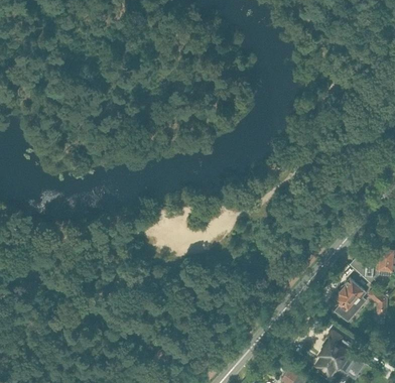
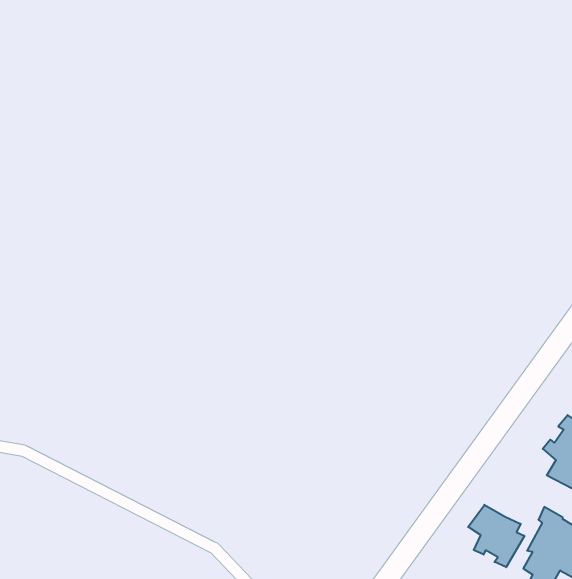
building: none -> [468,505,524,567]

